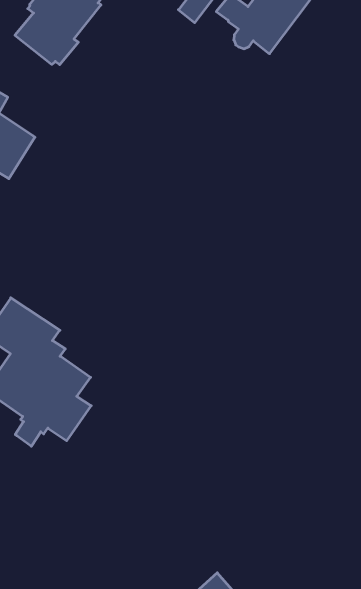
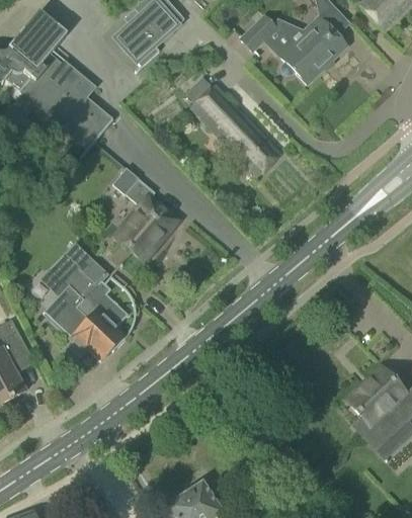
building: none -> [189,83,280,176]
building: none -> [107,166,177,259]

